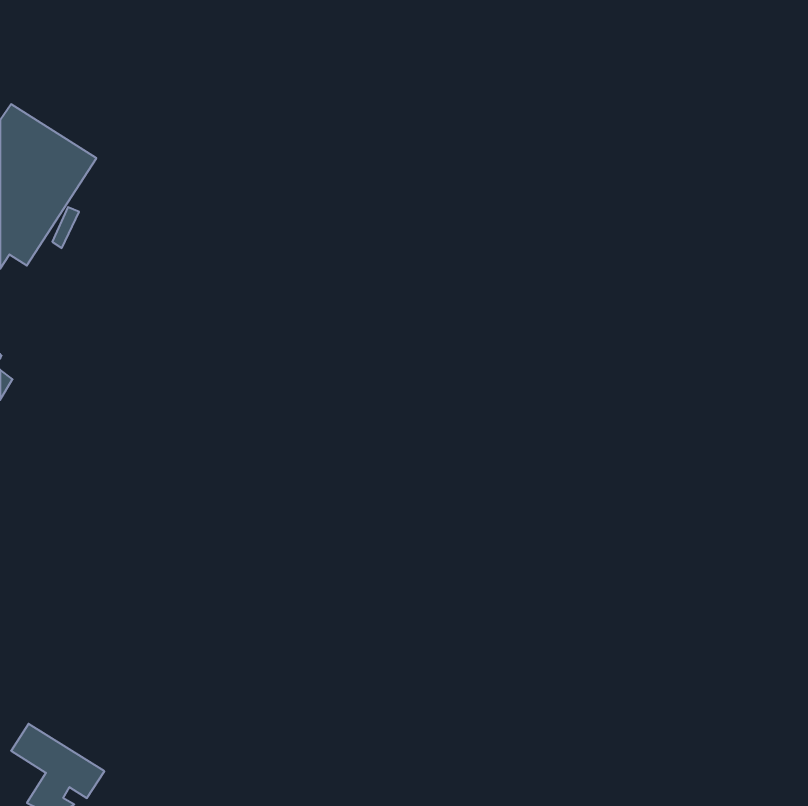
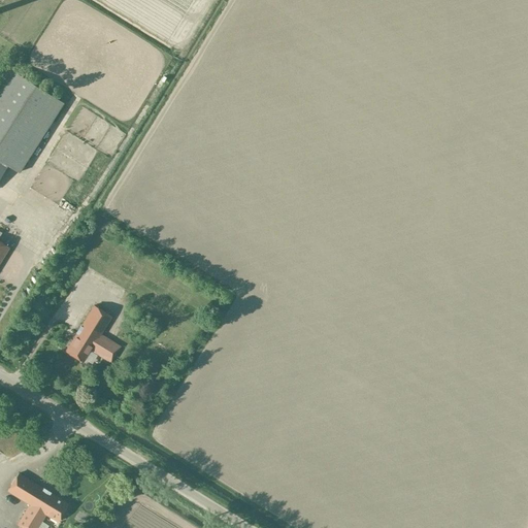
building: none -> [65,306,120,363]

